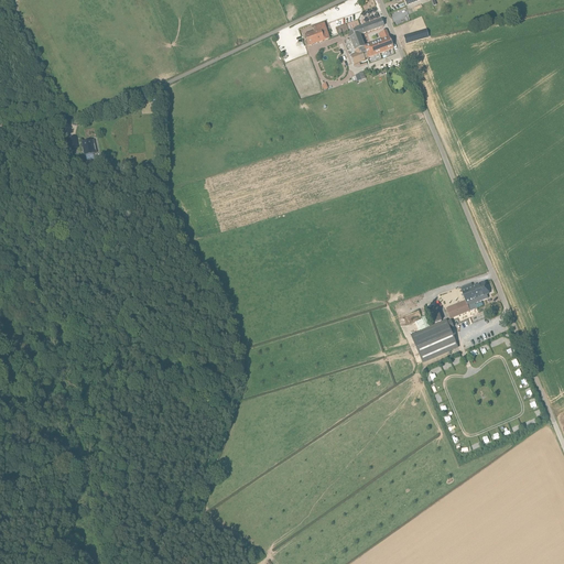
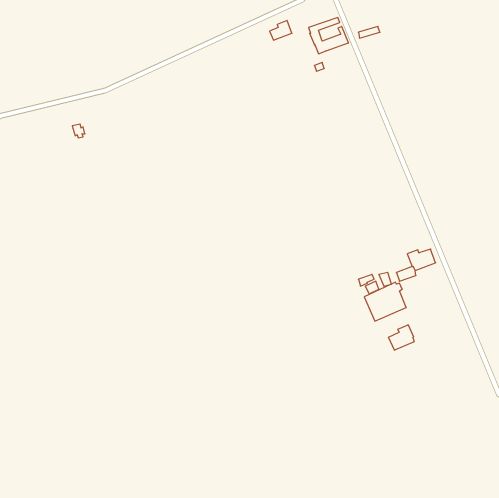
building: none -> [389,325,414,350]

